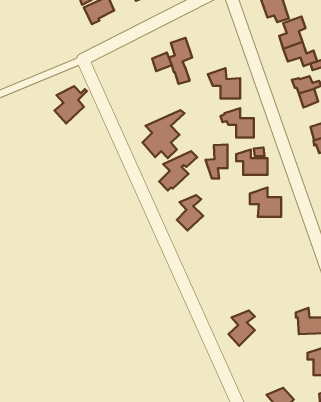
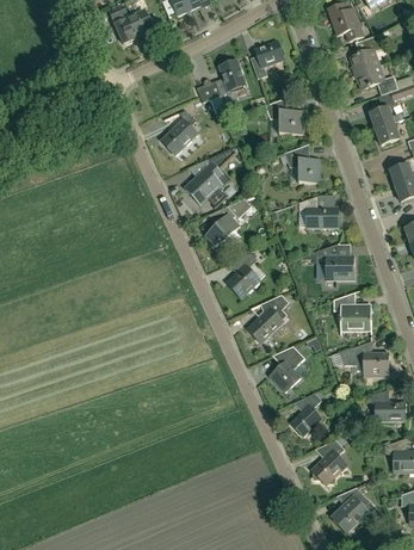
building: none -> [251,42,284,79]
building: [55,86,87,123] -> [162,110,202,155]
building: [205,145,228,178] -> none
building: none -> [333,292,372,328]
building: none -> [248,295,289,342]
building: none -> [338,341,389,373]
building: none -> [268,346,304,393]
building: none -> [311,437,347,484]

